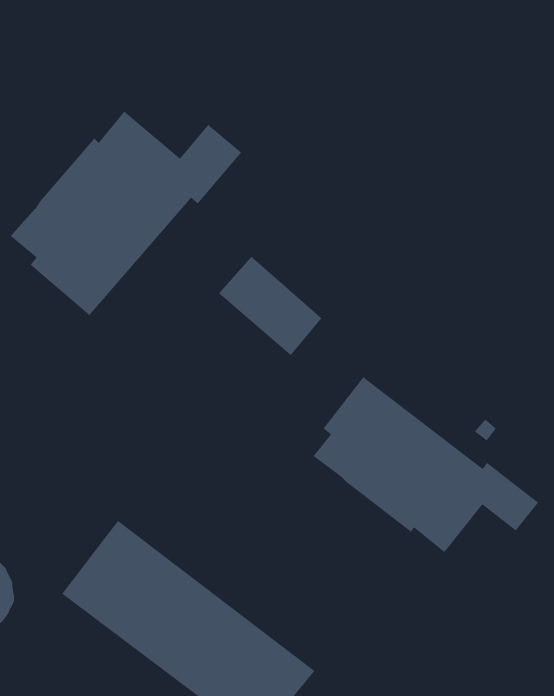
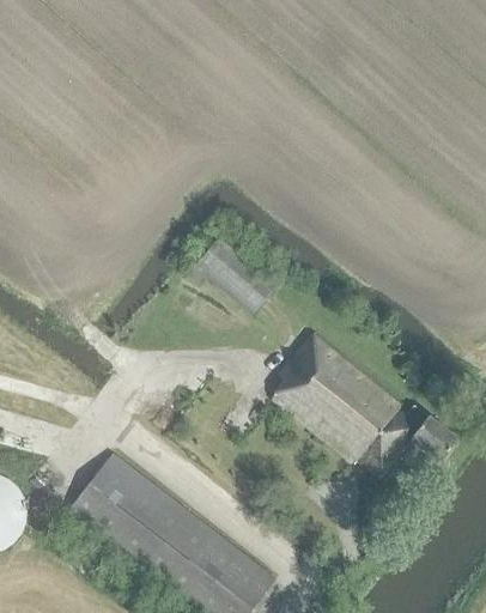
building: [10,110,242,316] -> none

